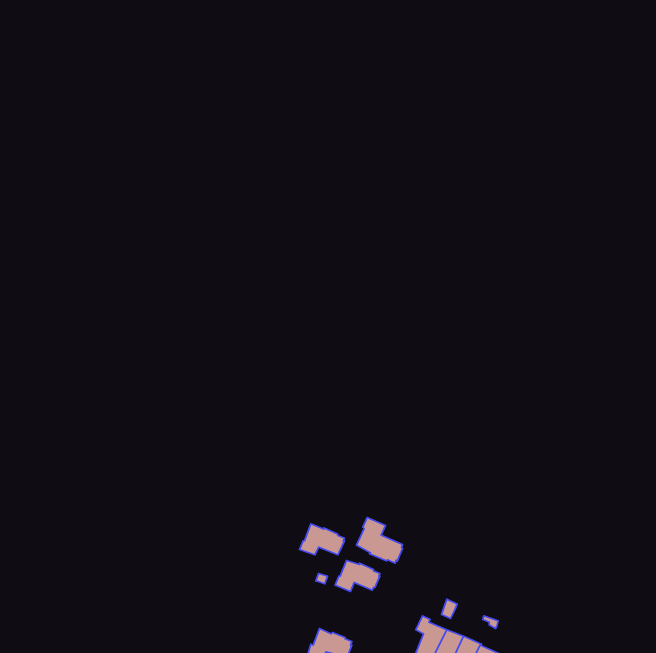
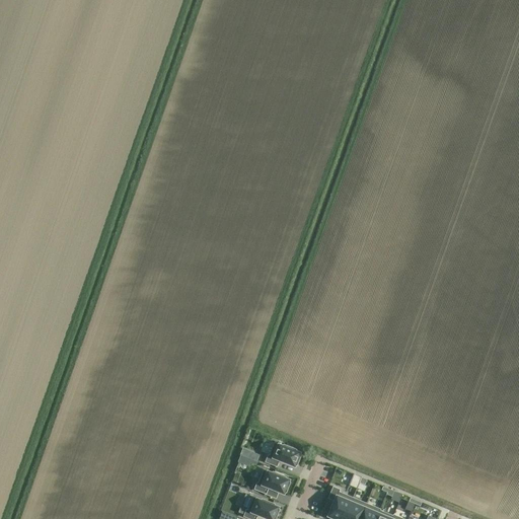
building: [357,517,402,563] -> none
building: [299,524,344,555] -> [253,471,289,496]

